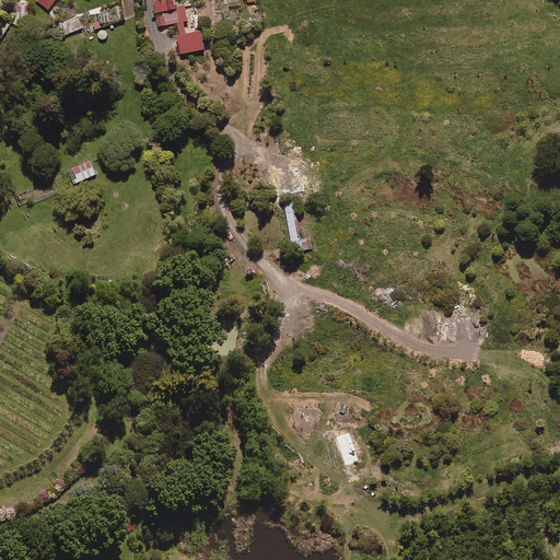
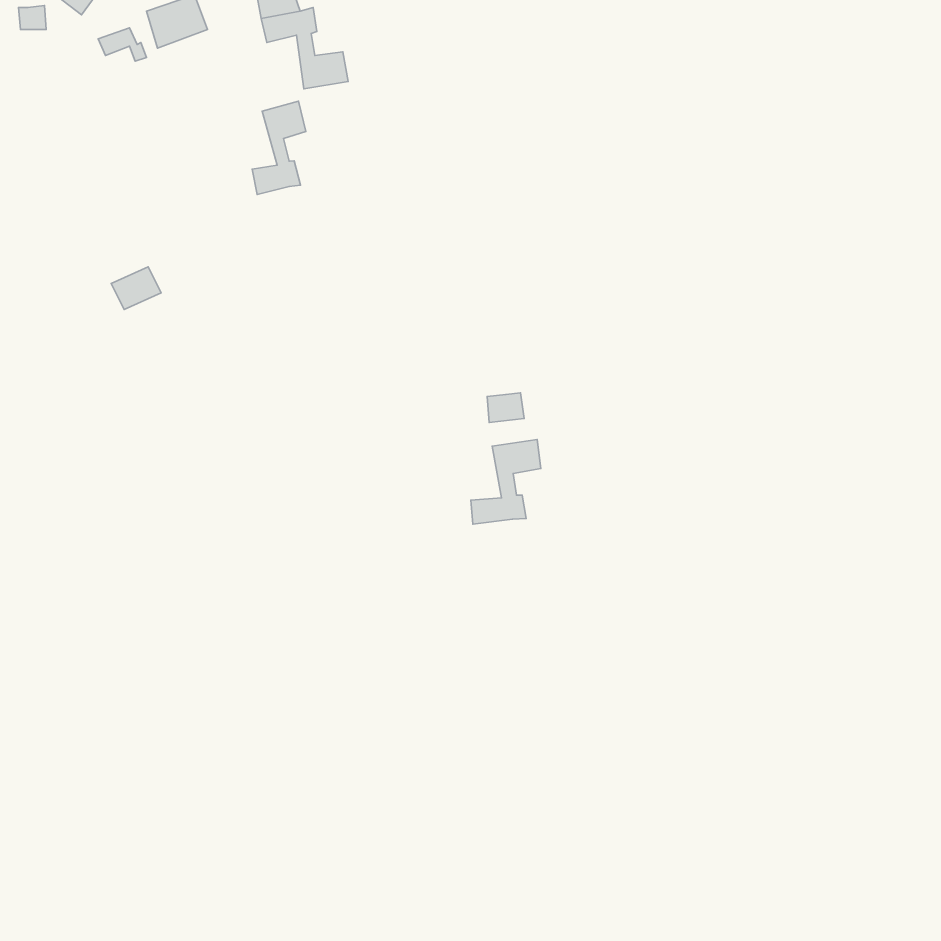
building: none -> [252,101,306,194]
building: none -> [471,439,541,524]

